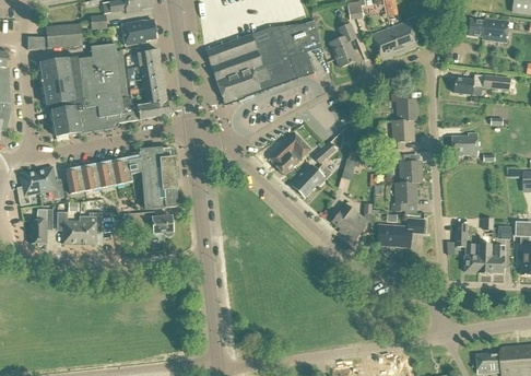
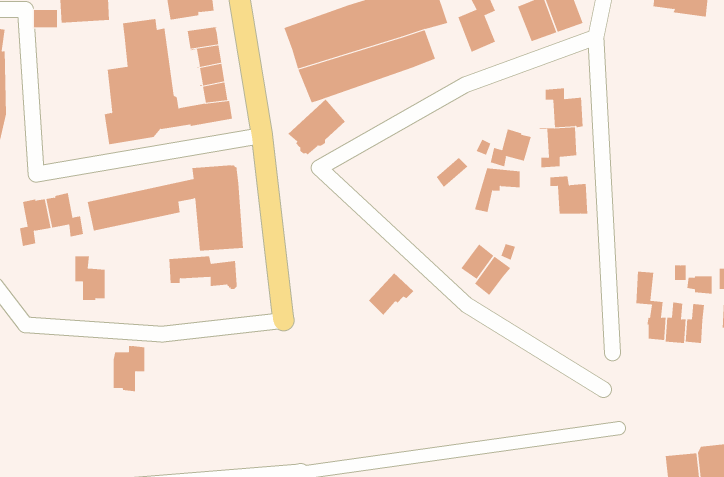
building: [39,56,94,136] -> none
building: [453,73,514,93] -> none
building: none -> [490,128,531,167]
building: [269,132,310,173] -> [287,98,346,155]
building: [451,132,477,154] -> none
building: [293,165,326,196] -> [368,273,414,316]
building: [391,181,417,210] -> none
building: [30,208,52,245] -> none
building: [79,211,102,244] -> [113,346,145,392]
building: [377,218,423,246] -> none

